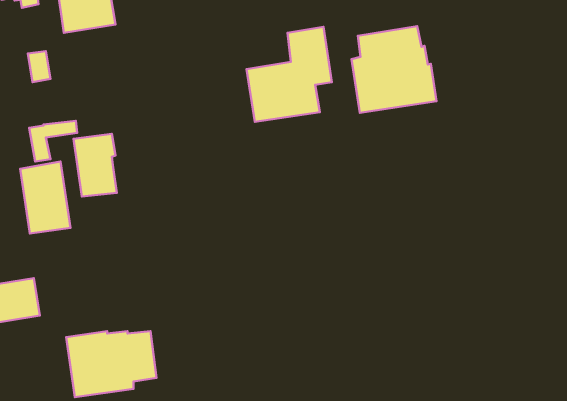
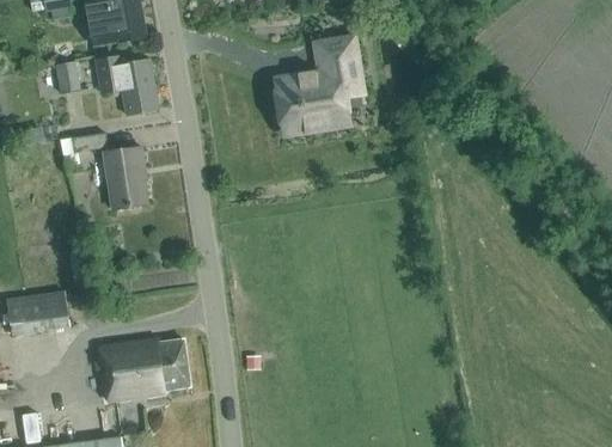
building: [352,26,436,113] -> none
building: none -> [93,54,159,117]
building: [20,161,71,234] -> none

